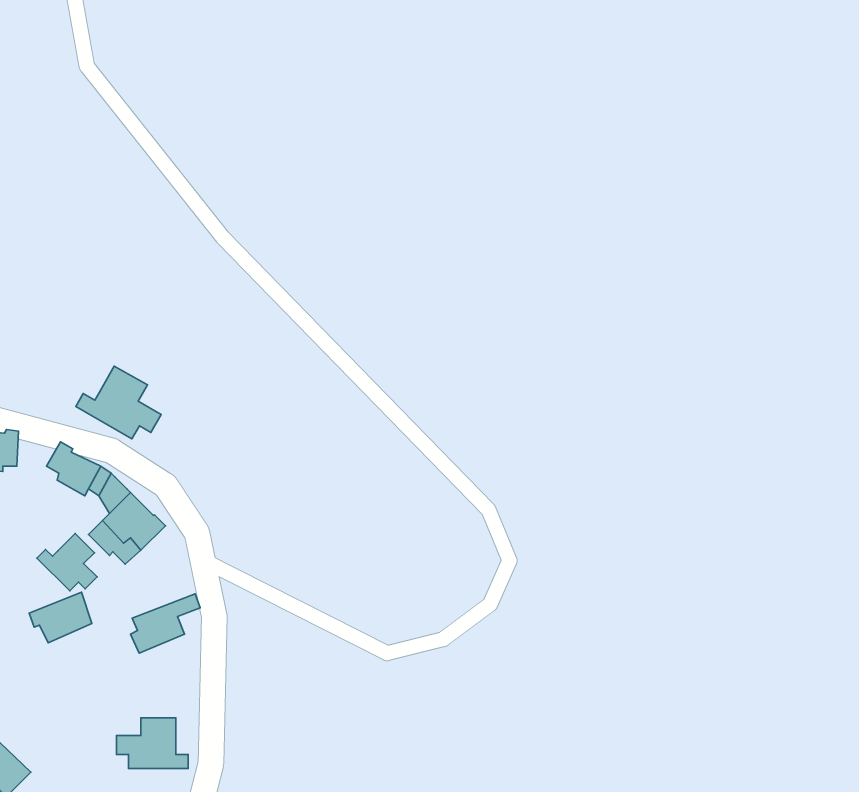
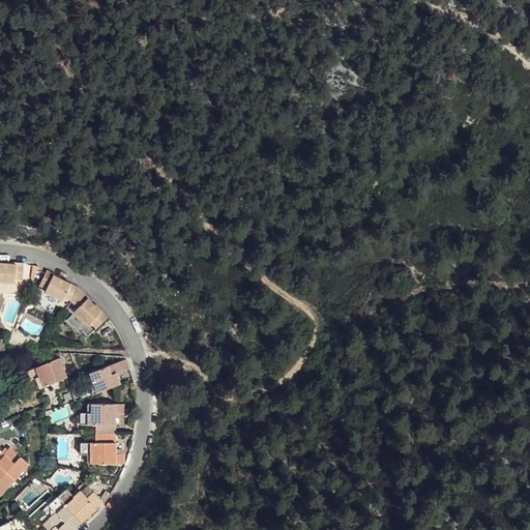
building: [76,366,161,439] -> none
building: [37,533,97,591] -> none
building: none -> [82,404,124,433]

